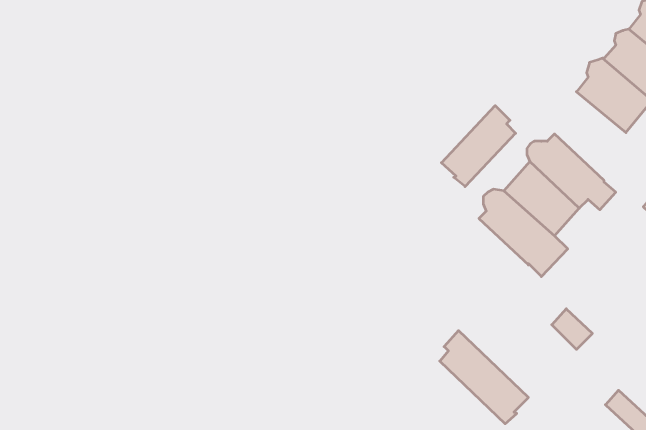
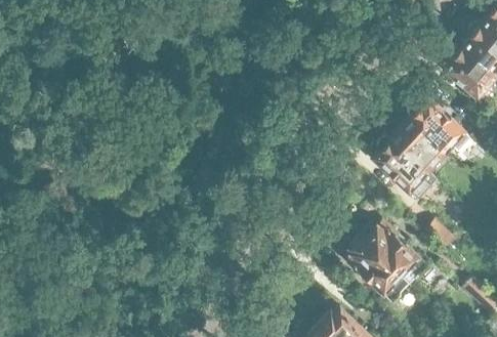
building: [441,106,516,187] -> none
building: none -> [360,221,427,283]

